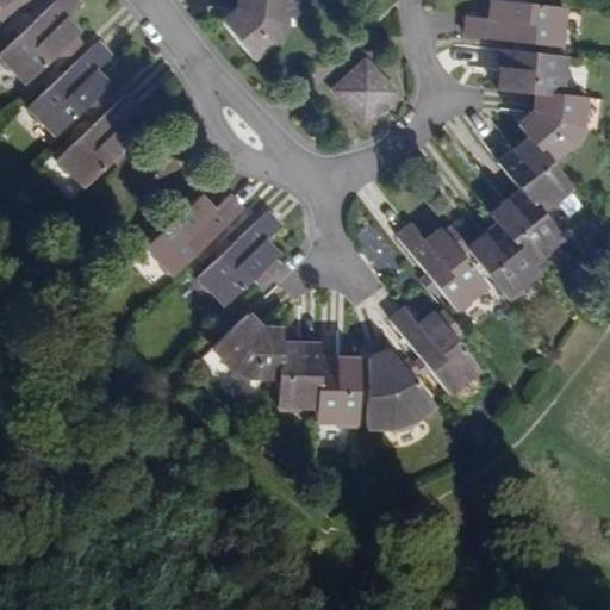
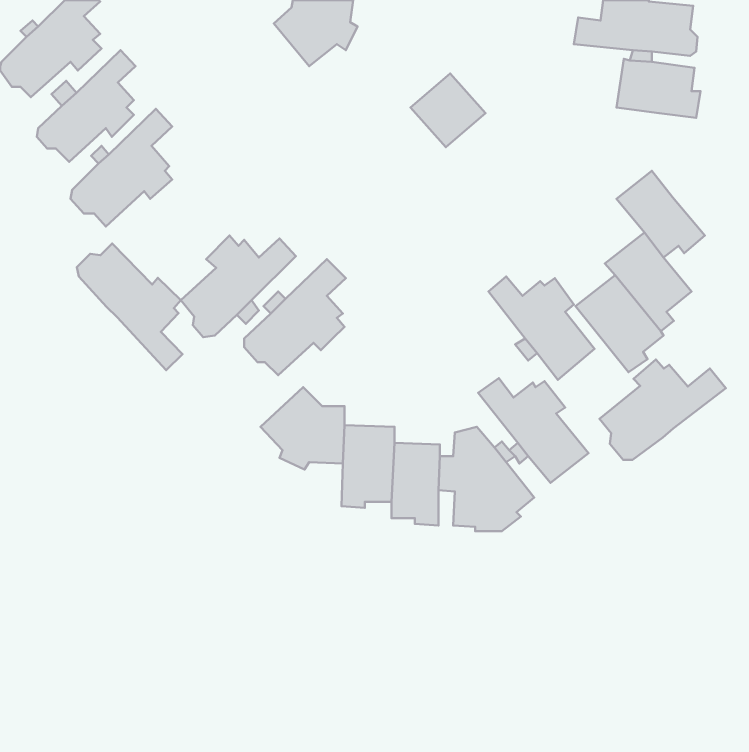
building: [519,92,585,160] -> none
building: none -> [77,243,182,370]
building: none -> [599,359,726,460]

